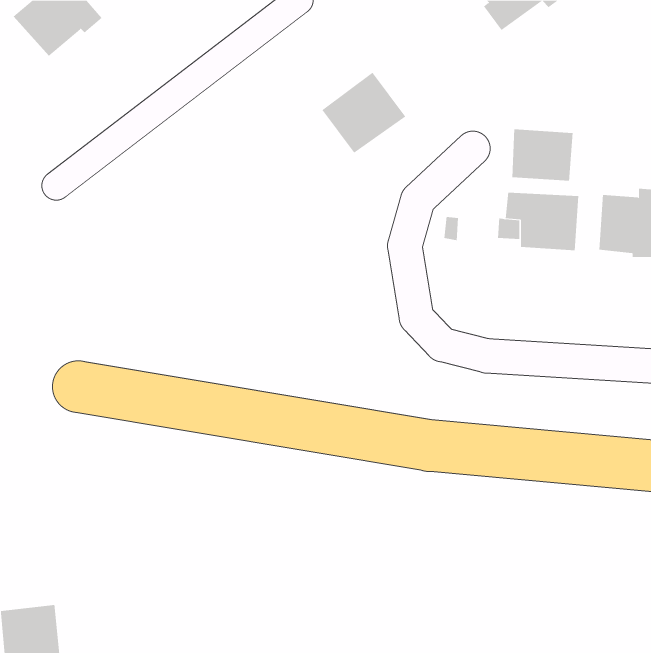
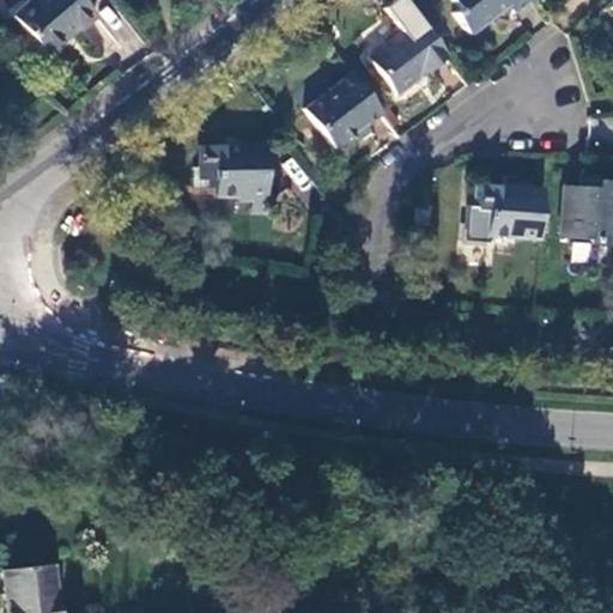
building: none -> [370,14,451,93]
building: [512,128,573,182] -> none
building: none -> [201,141,267,196]

